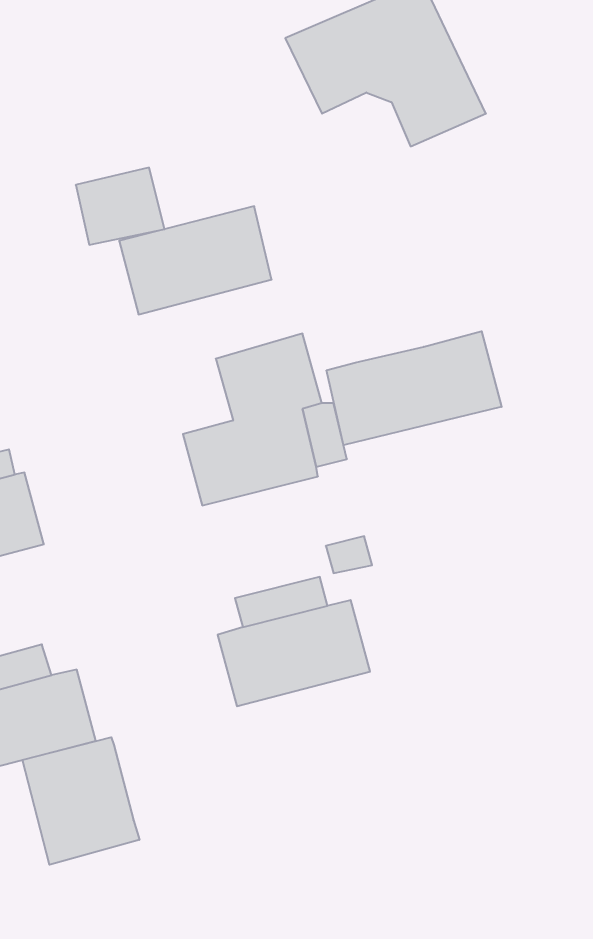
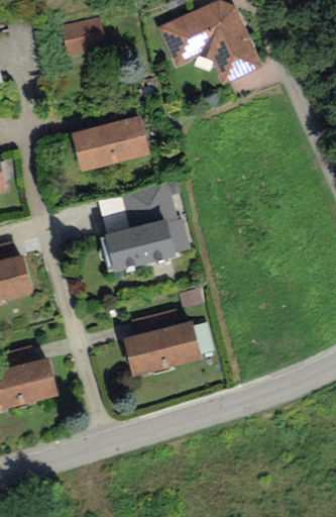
building: [76,168,165,245] -> [61,16,107,57]
building: [327,331,502,445] -> none
building: [22,737,139,865] -> none

